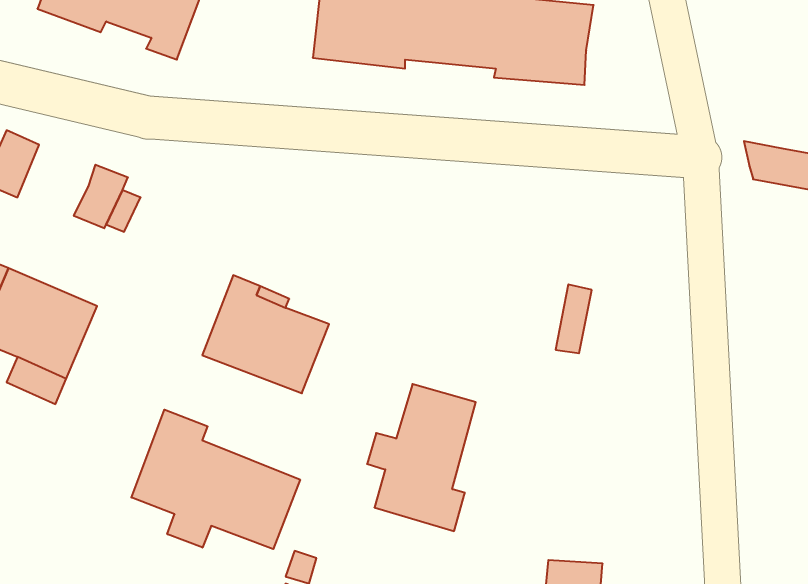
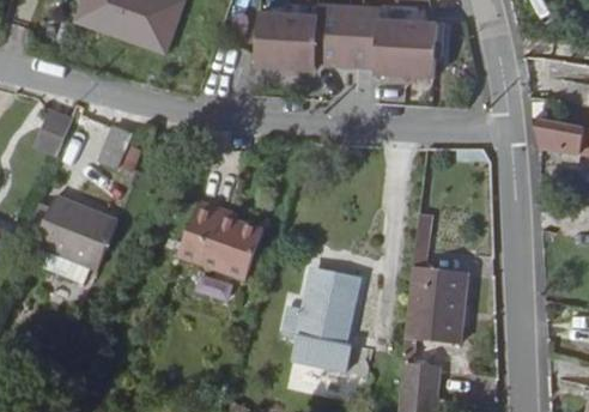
building: none -> [412,263,467,345]
building: [131,410,300,549] -> none
building: none -> [406,360,445,395]

